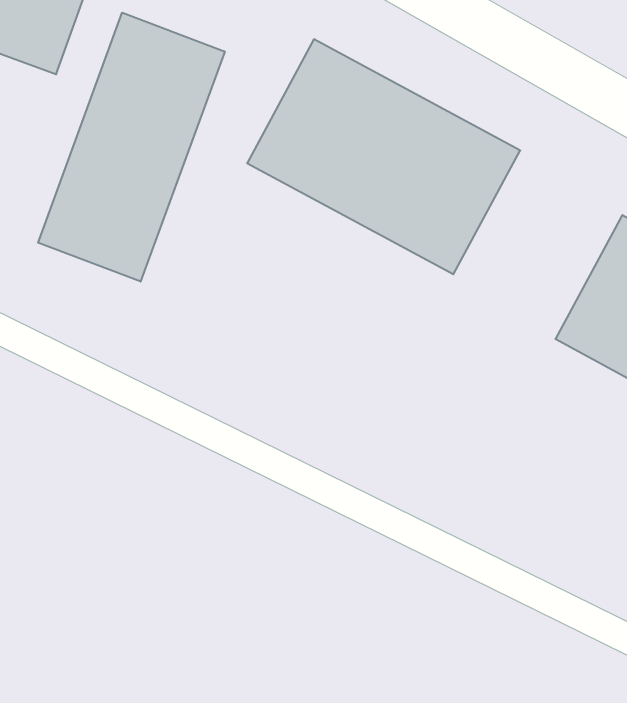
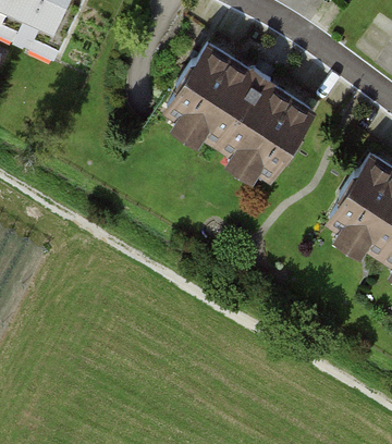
building: [38,13,225,282] -> none

